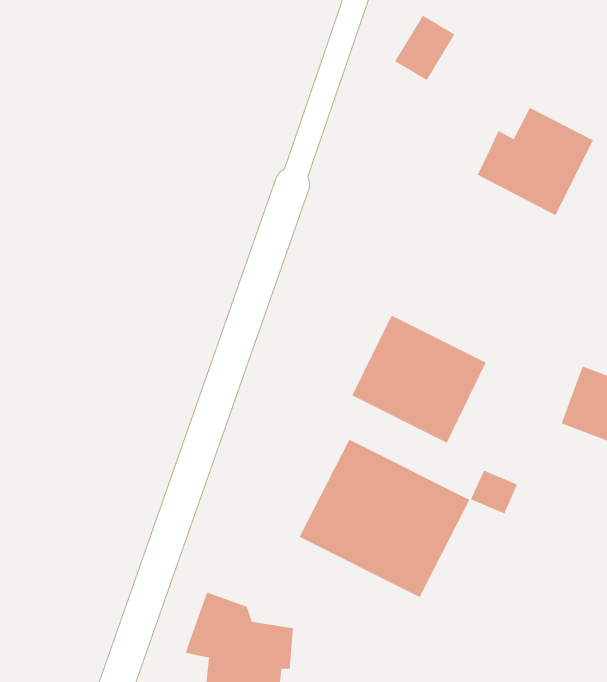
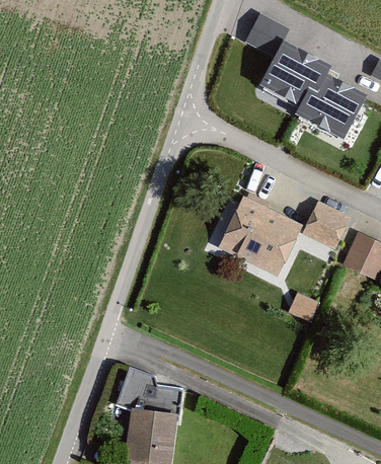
building: none -> [258,38,330,104]
building: none -> [301,205,349,251]
building: [299,439,470,598] -> none

